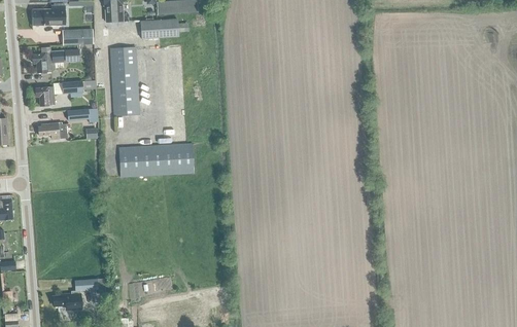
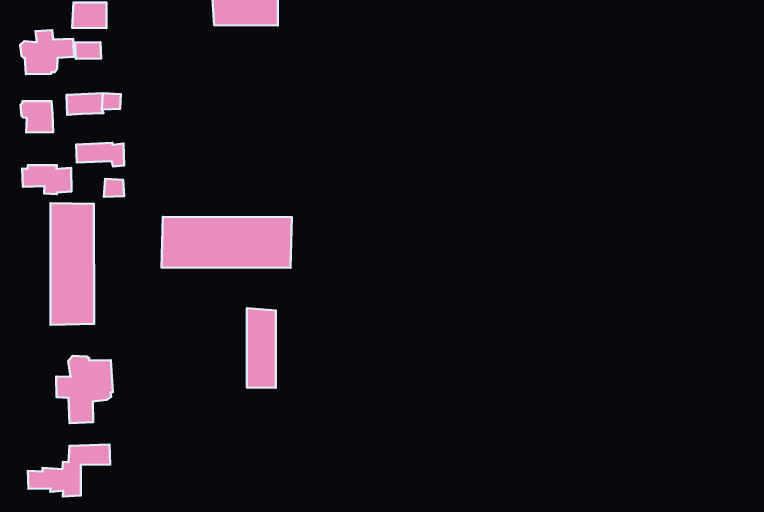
building: [110,47,139,117] -> [50,203,94,325]
building: none -> [247,308,276,388]
building: none -> [56,356,113,423]

